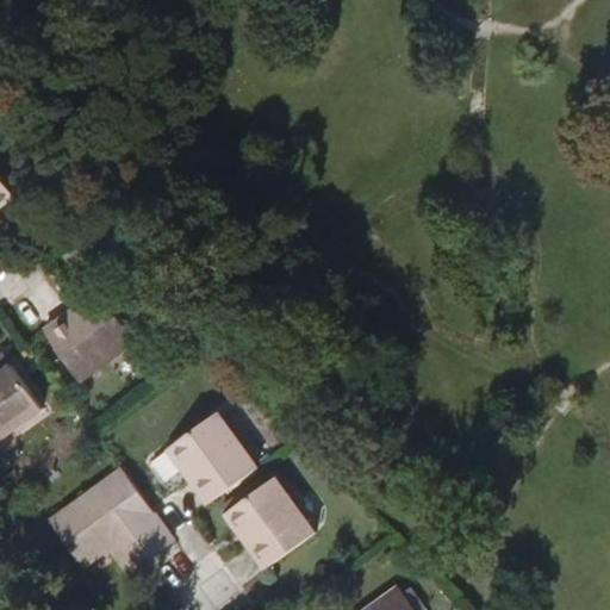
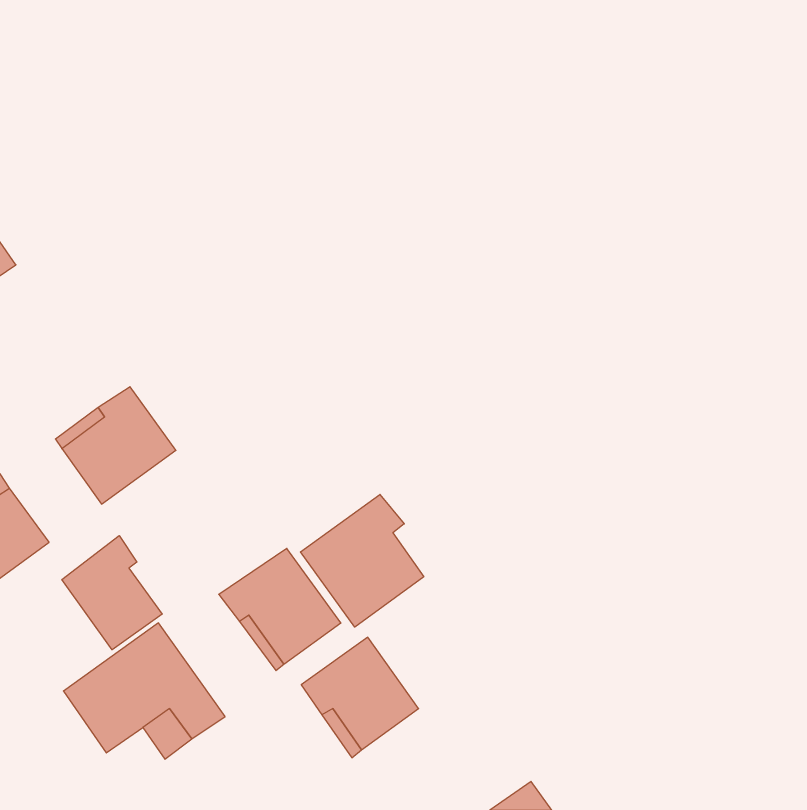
building: none -> [300,494,424,627]
building: none -> [62,536,162,650]

